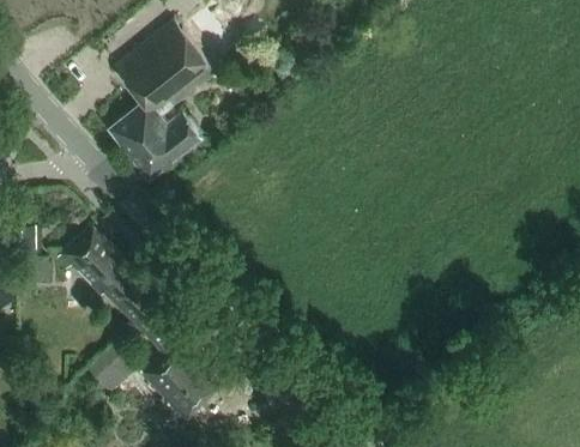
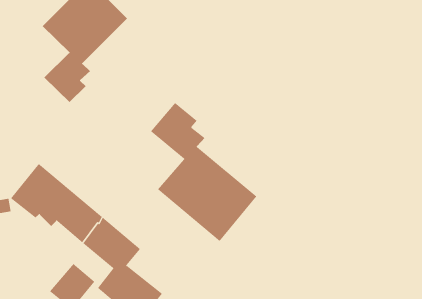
building: [133,111,203,181] -> none
building: none -> [150,102,257,242]

